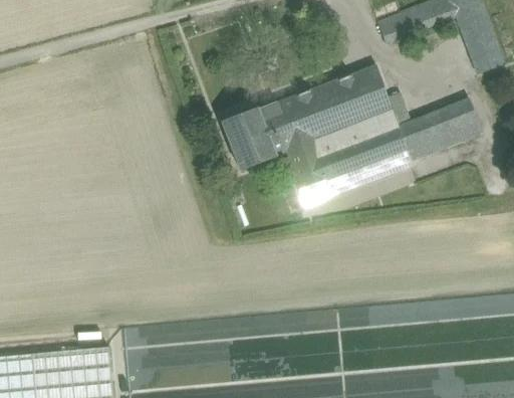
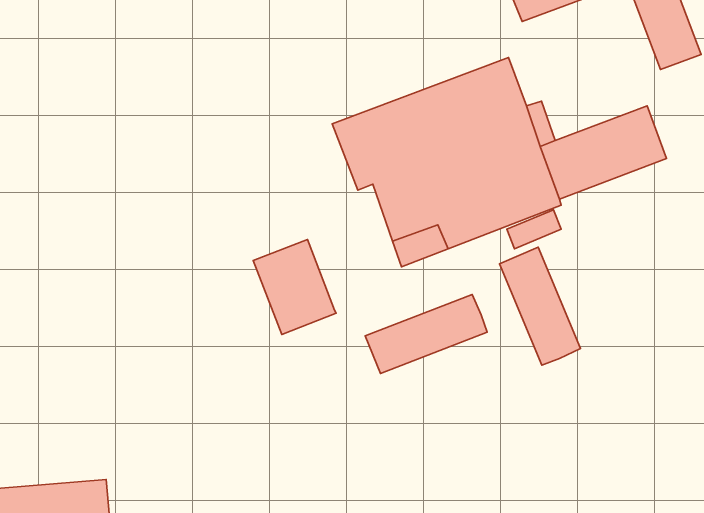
building: [222,107,277,170] -> [253,239,336,334]
building: none -> [499,247,581,365]
building: none -> [365,294,487,374]

